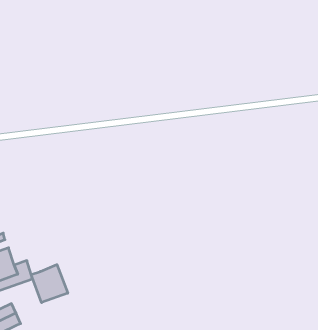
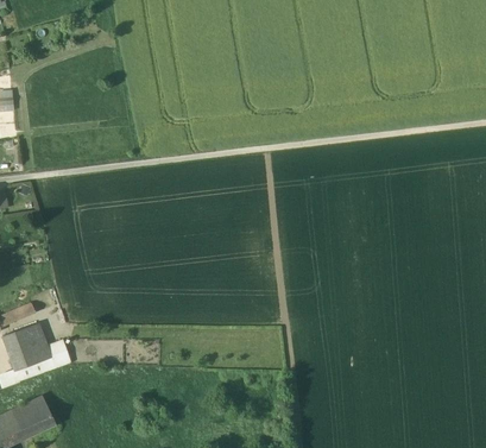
building: [31,265,68,303] -> none

